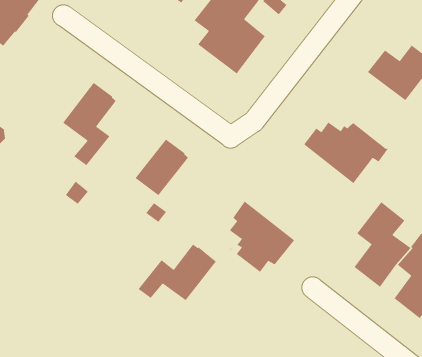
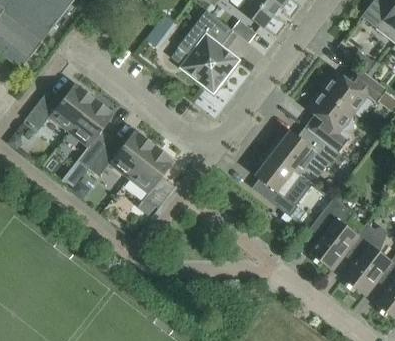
building: none -> [26,84,95,132]
building: none -> [305,90,354,153]
building: [229,201,295,273] -> [256,150,311,210]
building: [138,243,217,301] -> [89,130,155,178]

